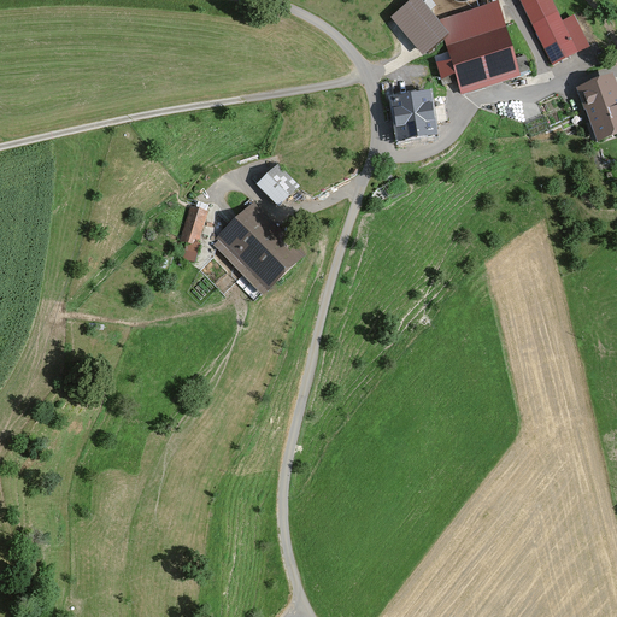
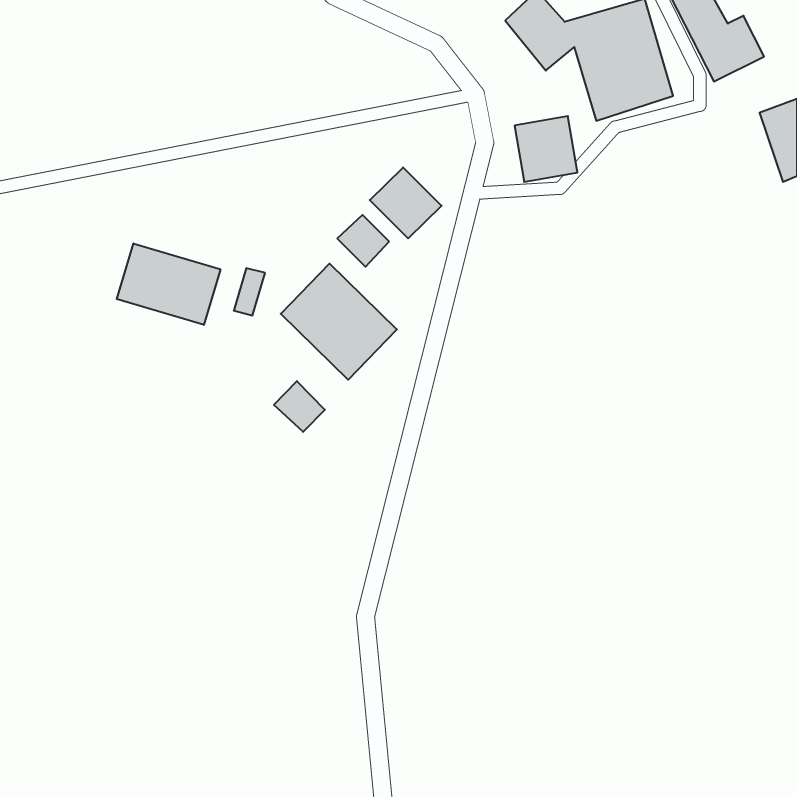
building: none -> [370,167,442,238]
building: none -> [117,243,220,325]
building: none -> [274,381,325,432]

